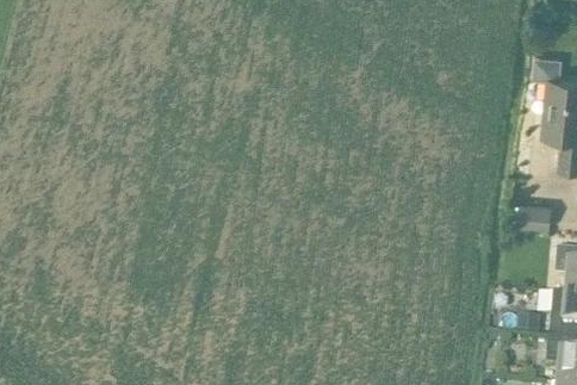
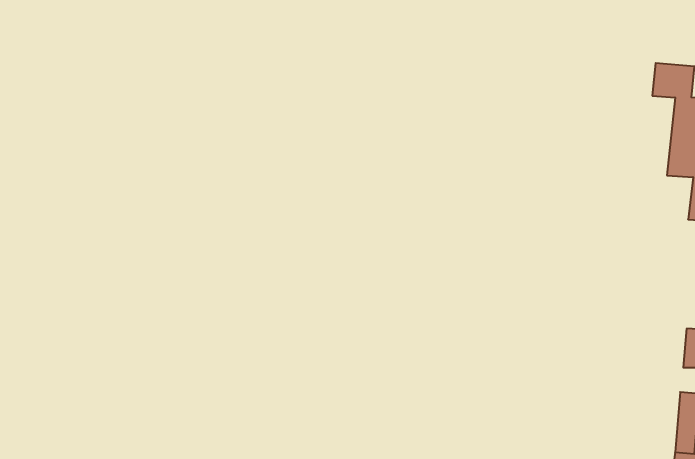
building: [515,207,551,234] -> none

